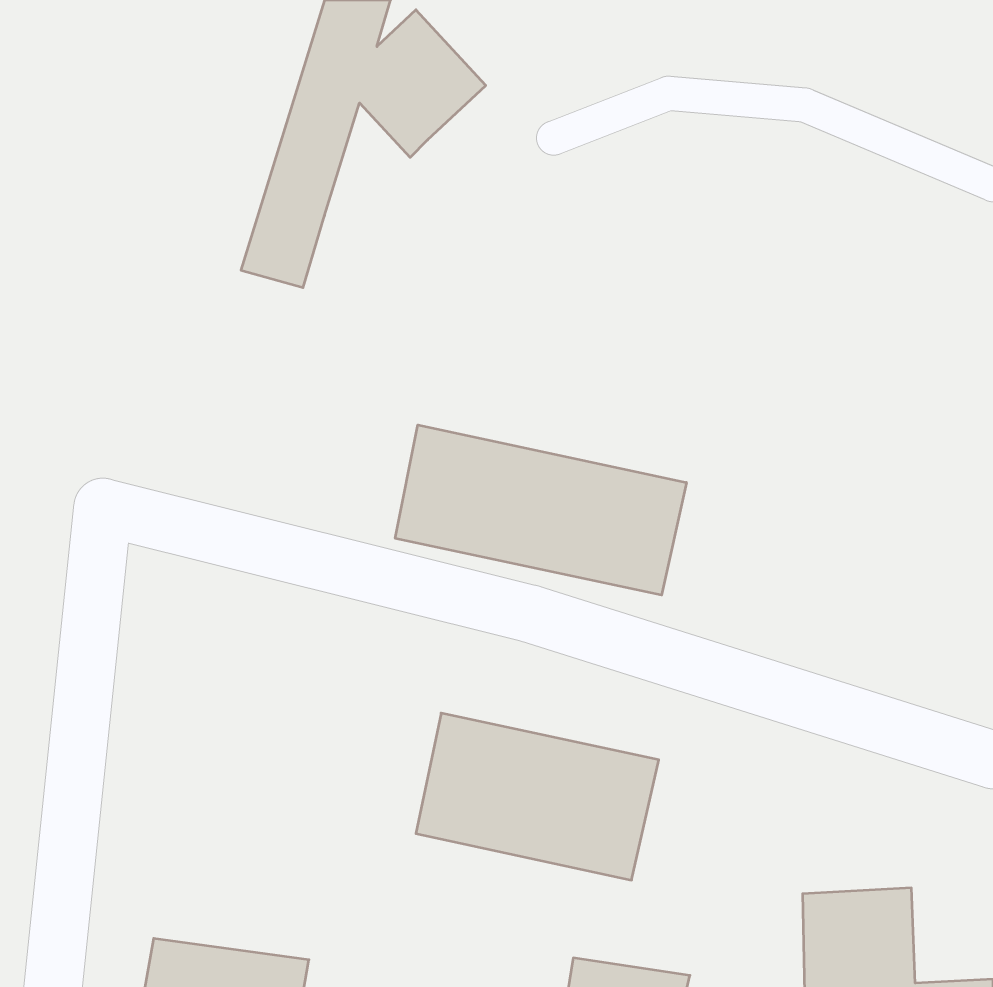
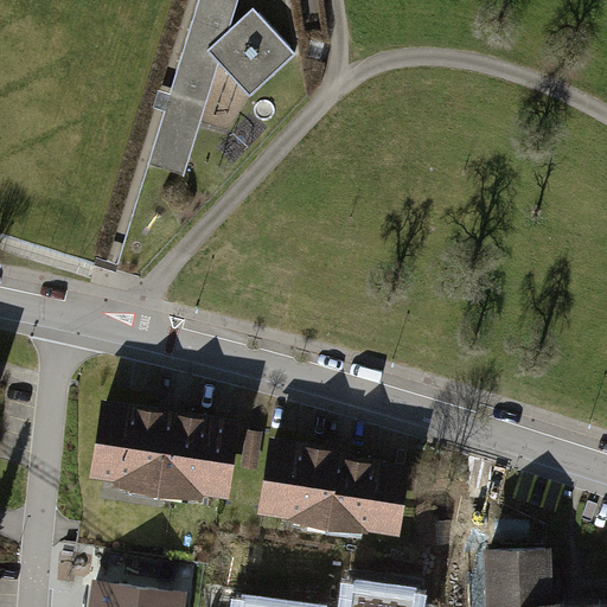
building: [395,425,686,595] -> none
building: none -> [85,401,236,509]

